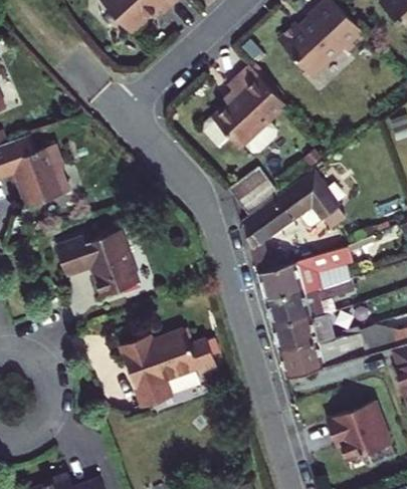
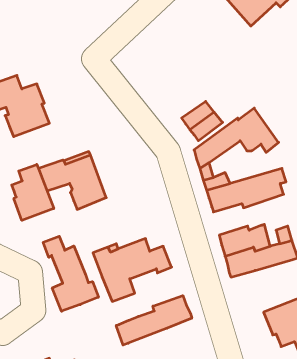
building: [204,64,285,148] -> none
building: none -> [12,164,54,220]
building: [267,278,356,327] -> none
building: none -> [43,236,98,311]
building: none -> [116,296,192,345]

